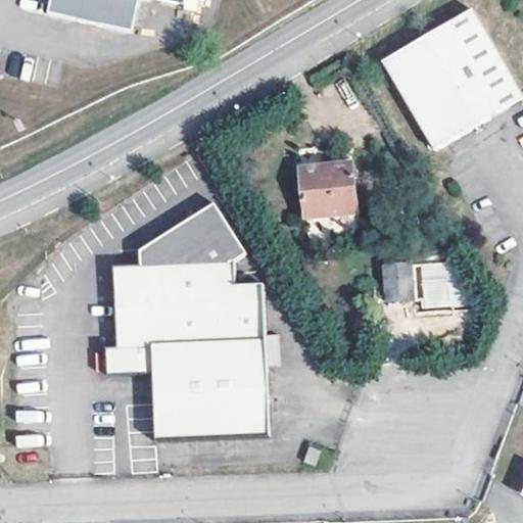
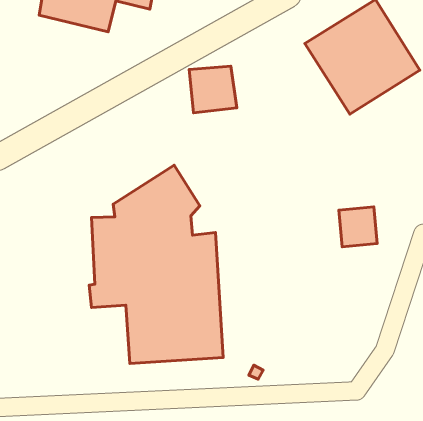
building: [299,155,358,212] -> [189,66,237,113]
building: [384,259,411,295] -> none

